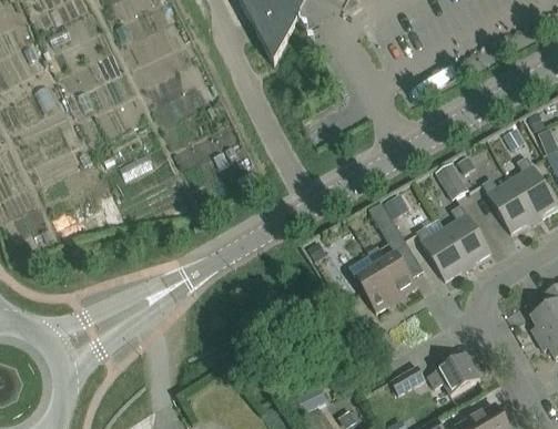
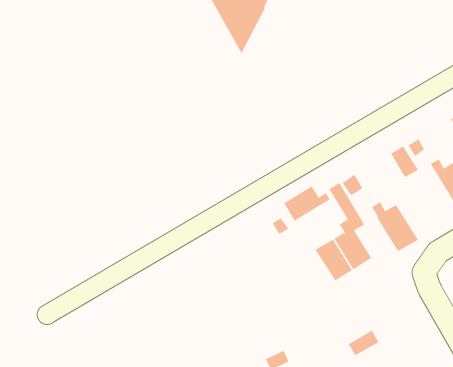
building: [444,203,491,266] -> none
building: none -> [283,185,331,221]
building: [428,353,479,395] -> none

